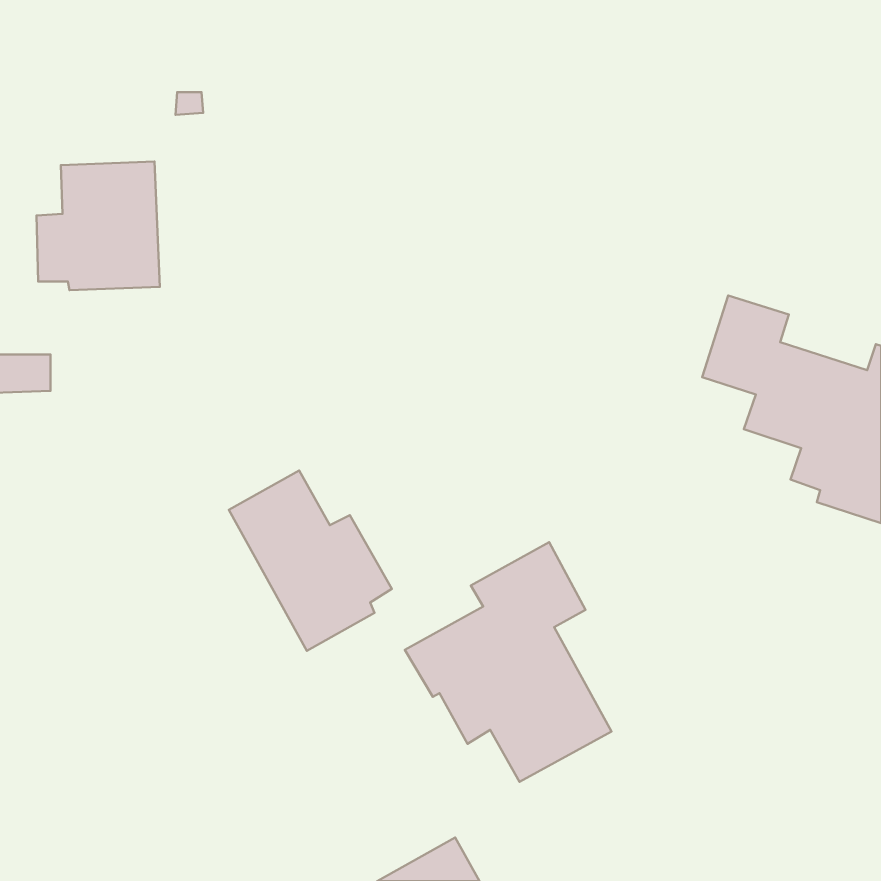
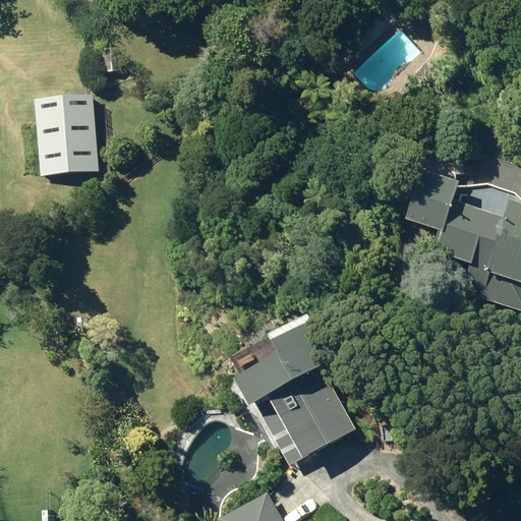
building: [229,471,392,651] -> none

